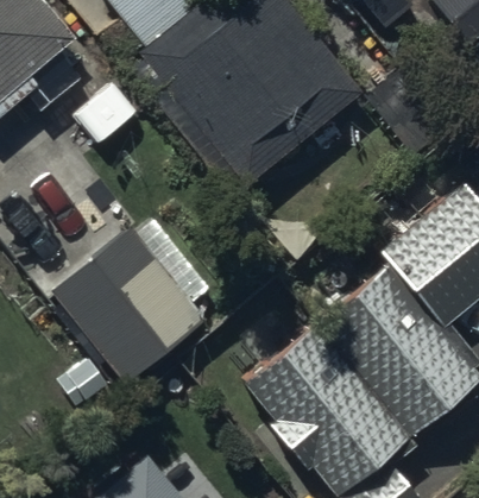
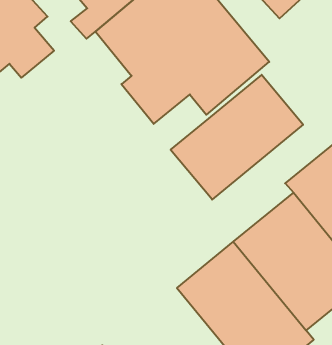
building: none -> [171,75,303,200]
building: [51,225,206,382] -> none

